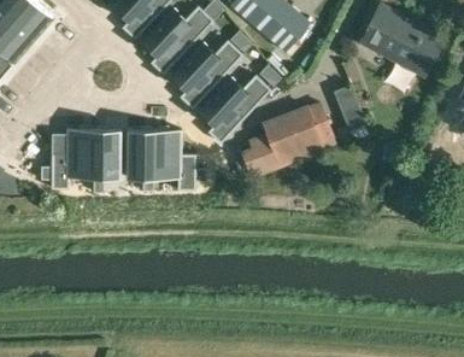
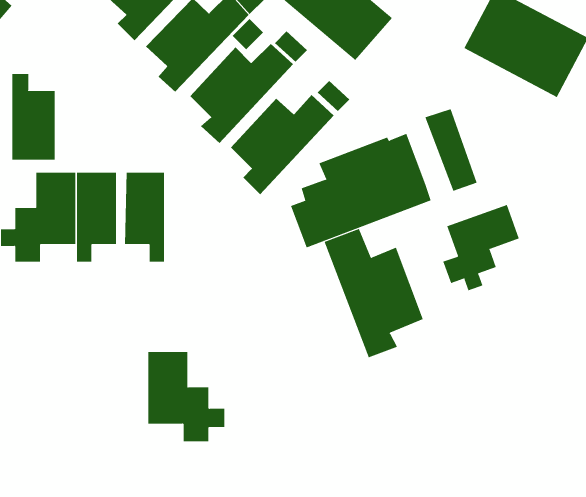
building: none -> [12,73,55,161]
building: [155,128,208,189] -> [147,352,225,442]
building: none -> [443,204,520,291]
building: none -> [324,228,424,358]

